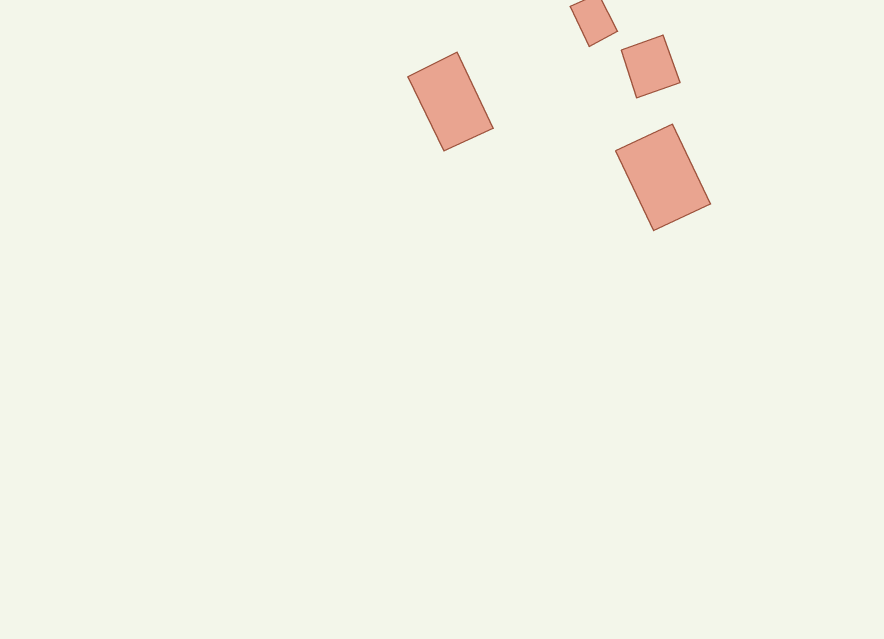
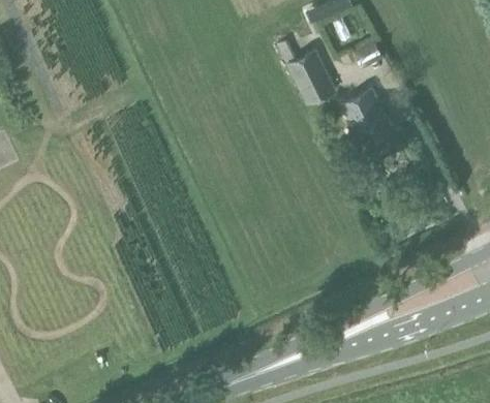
building: [408,52,493,151] -> [285,45,332,99]

